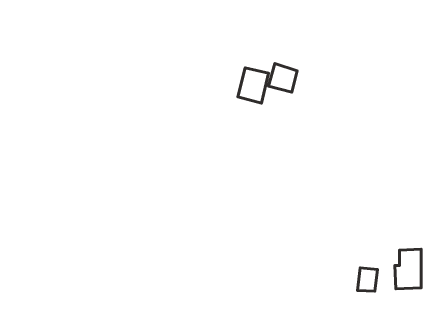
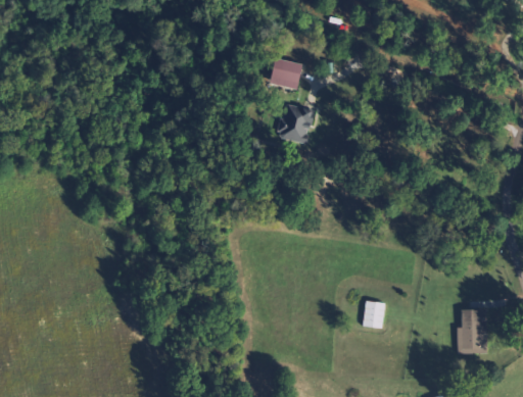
building: [268,63,297,92] -> [270,57,302,90]
building: [358,268,377,291] -> [362,301,384,328]

